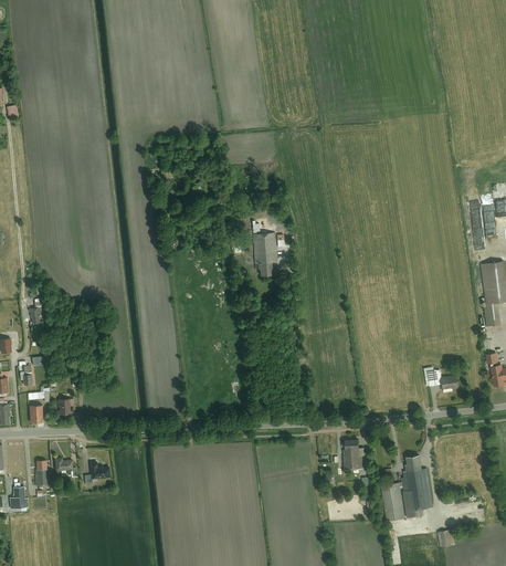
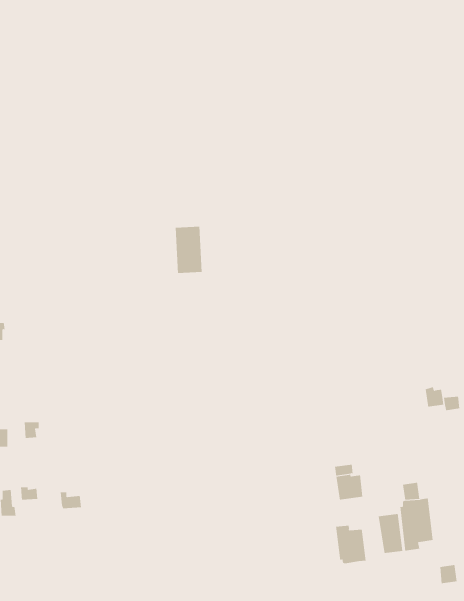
building: [253,233,278,276] -> [175,226,202,273]
building: none -> [335,525,366,564]

